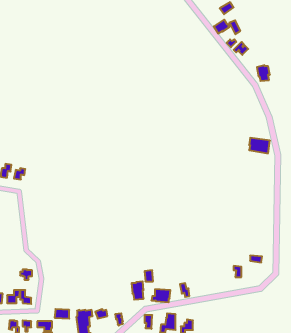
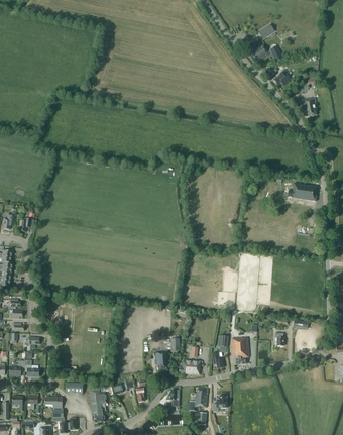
building: none -> [230,337,248,364]

